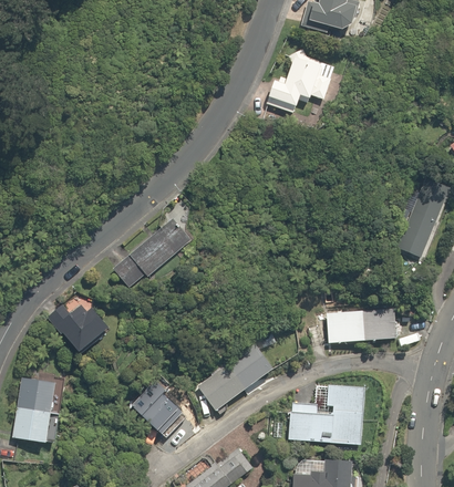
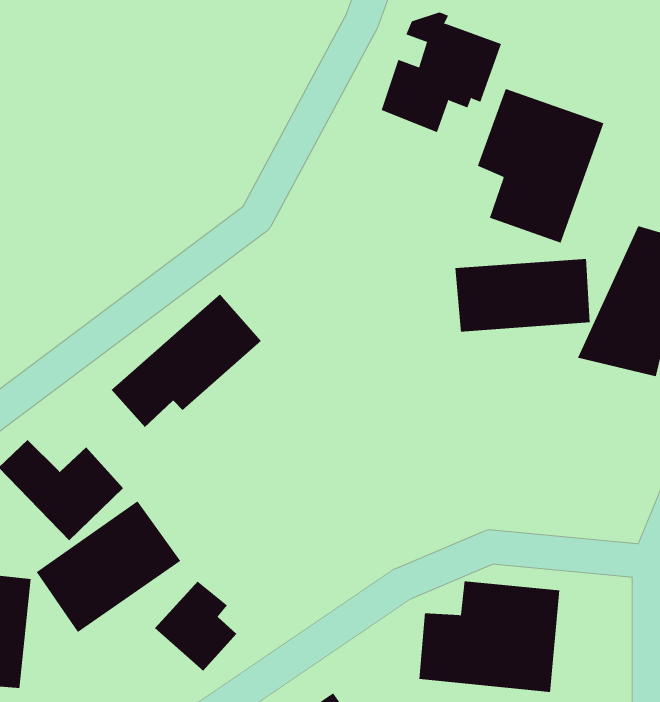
building: none -> [477,88,604,244]
building: [316,303,395,346] -> [455,258,591,332]
building: [193,339,278,416] -> [36,500,181,633]

